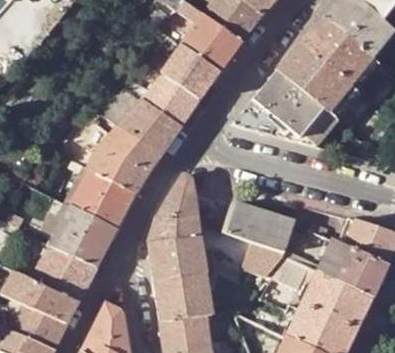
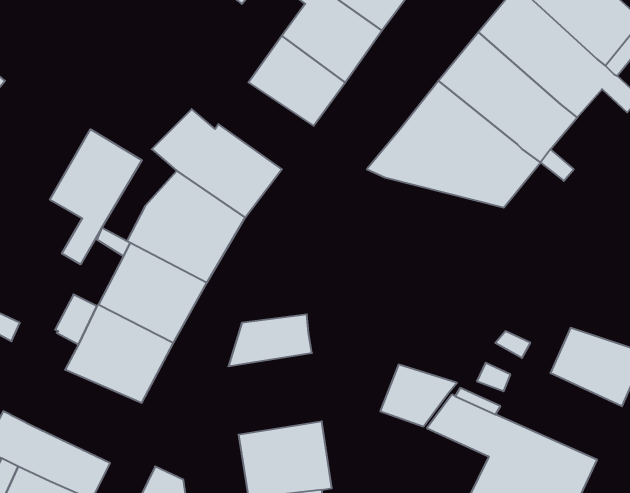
building: [142,72,200,124] -> none
building: none -> [50,129,142,264]
building: [156,173,195,217] -> none
building: [227,202,294,252] -> none
building: [148,235,212,284] -> none
building: [314,241,385,299] -> none
building: [31,244,96,301] -> none

